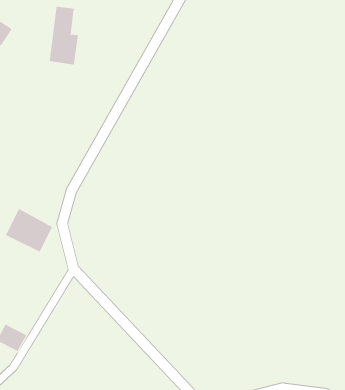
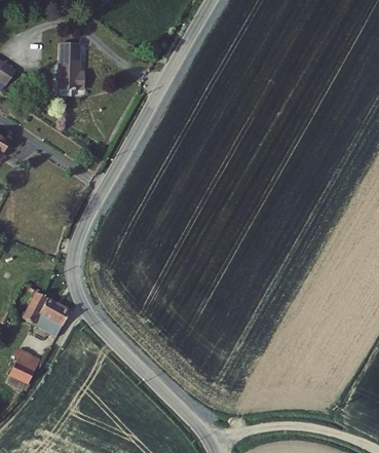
building: [5,208,53,253] -> [20,293,67,337]

